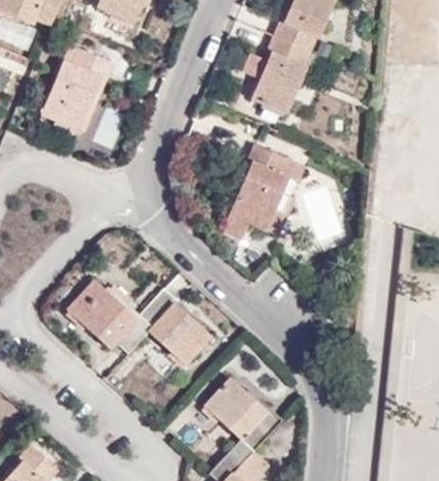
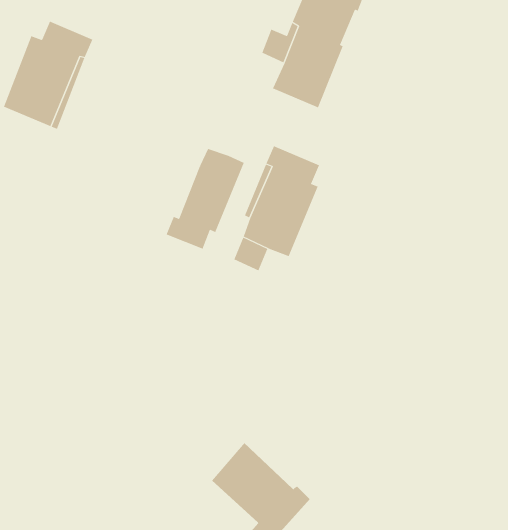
building: none -> [166,148,245,249]
building: [67,279,213,366] -> none

